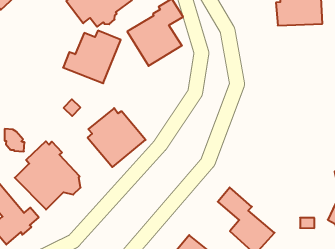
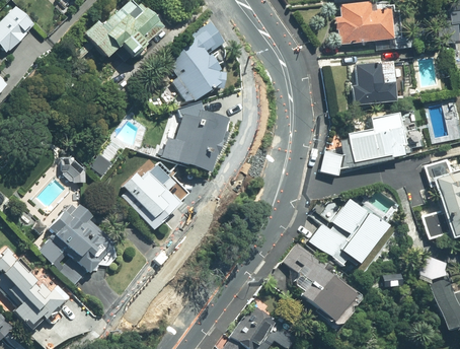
building: [63,31,121,83] -> [163,109,230,171]
building: none -> [354,61,398,104]
building: none -> [322,111,409,174]
building: [5,129,25,151] -> [62,156,87,182]
building: none -> [310,197,388,266]

